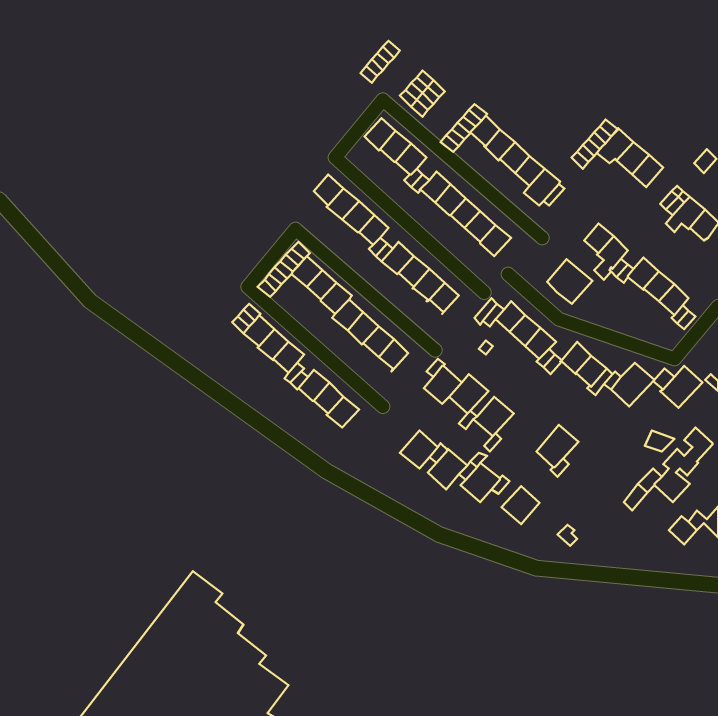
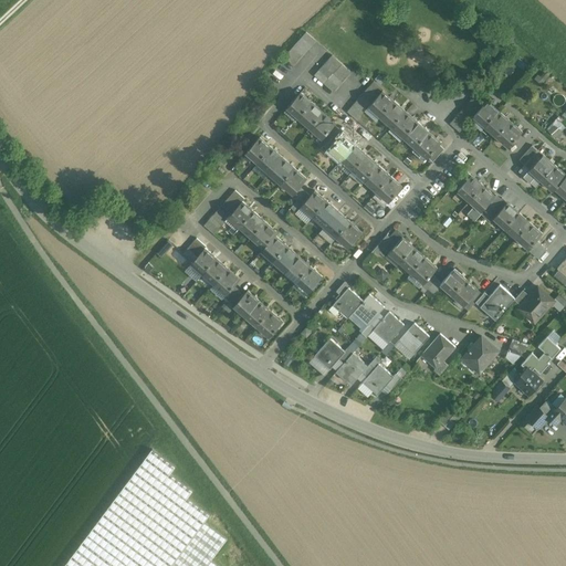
building: [547,259,592,304] -> none
building: none -> [462,339,496,374]
building: [502,486,540,524] -> [398,325,428,355]

